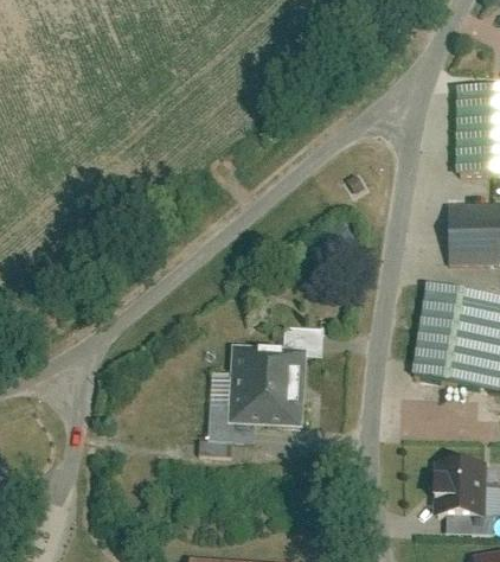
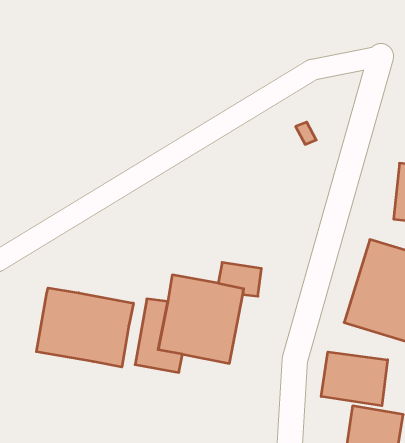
building: none -> [36,288,133,367]
building: none -> [321,352,388,406]

